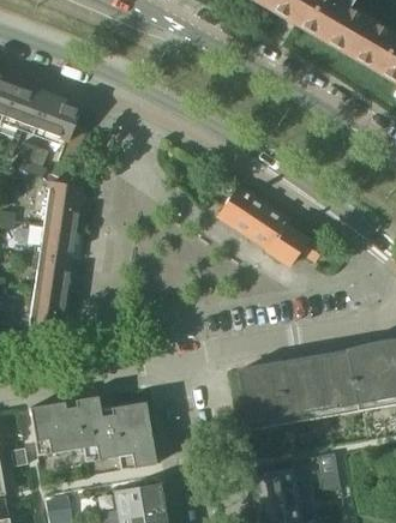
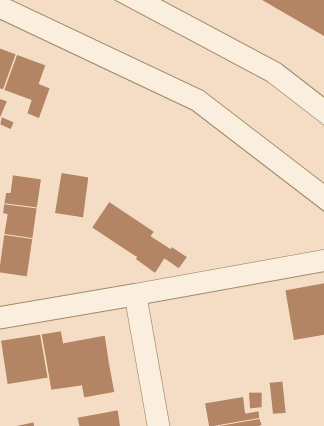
building: [43,181,82,230] -> [54,173,89,218]
building: [218,186,324,265] -> [91,201,188,273]
building: [242,351,350,423] -> none

